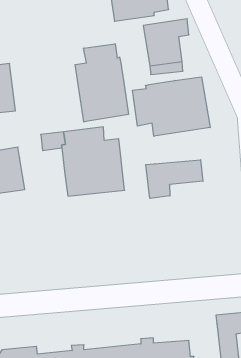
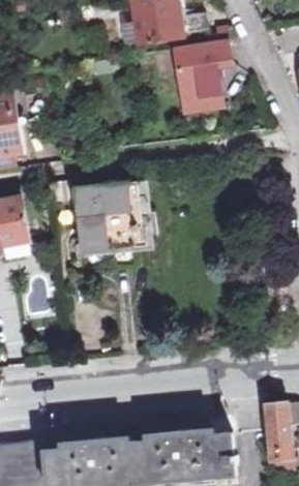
building: [75,44,128,122] -> none
building: [133,77,210,136] -> none
building: [146,160,203,198] -> none

